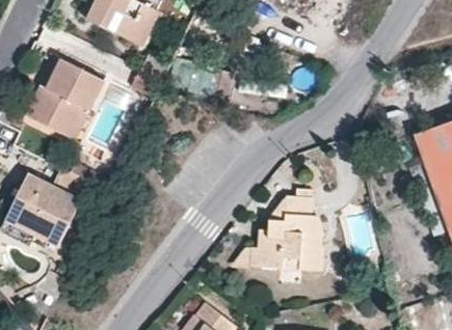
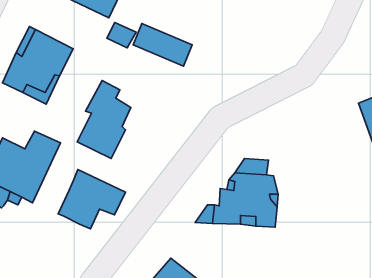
building: none -> [77,81,131,158]
building: none -> [58,170,126,229]

